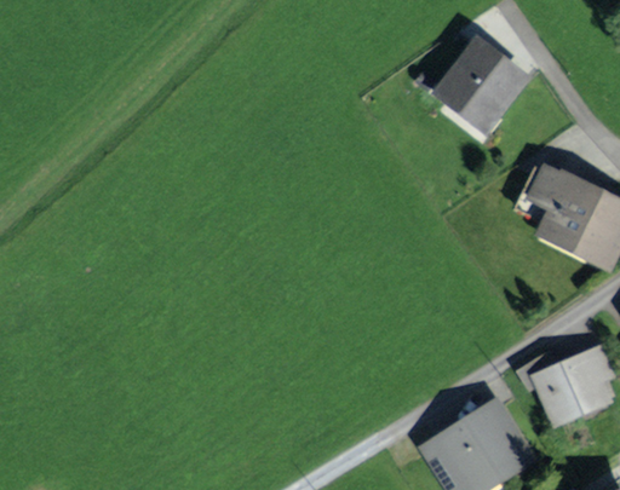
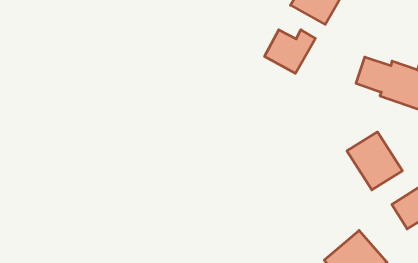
building: none -> [265,30,315,73]
building: none -> [347,132,402,190]

